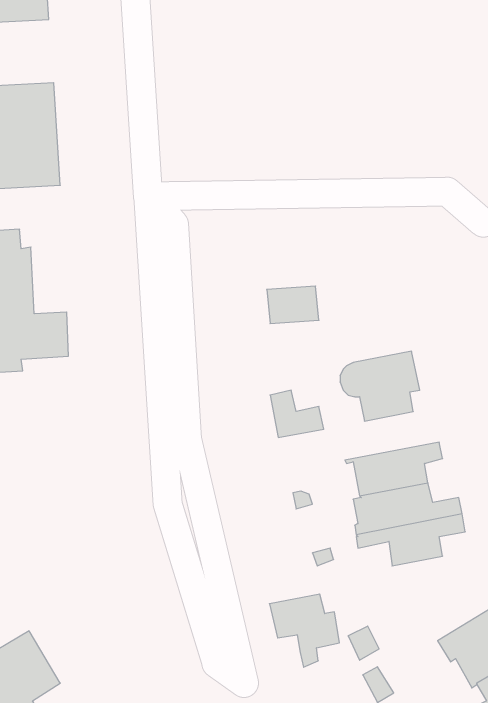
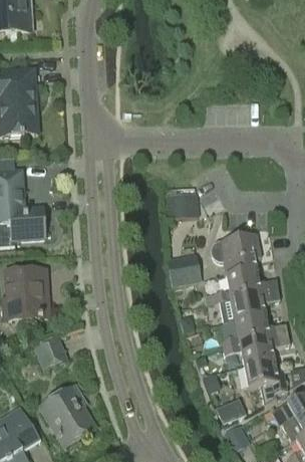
building: none -> [6,268,49,318]
building: none -> [214,271,273,301]
building: none -> [35,336,67,369]
building: [269,594,339,667] -> [244,361,287,406]
building: none -> [39,387,95,447]

